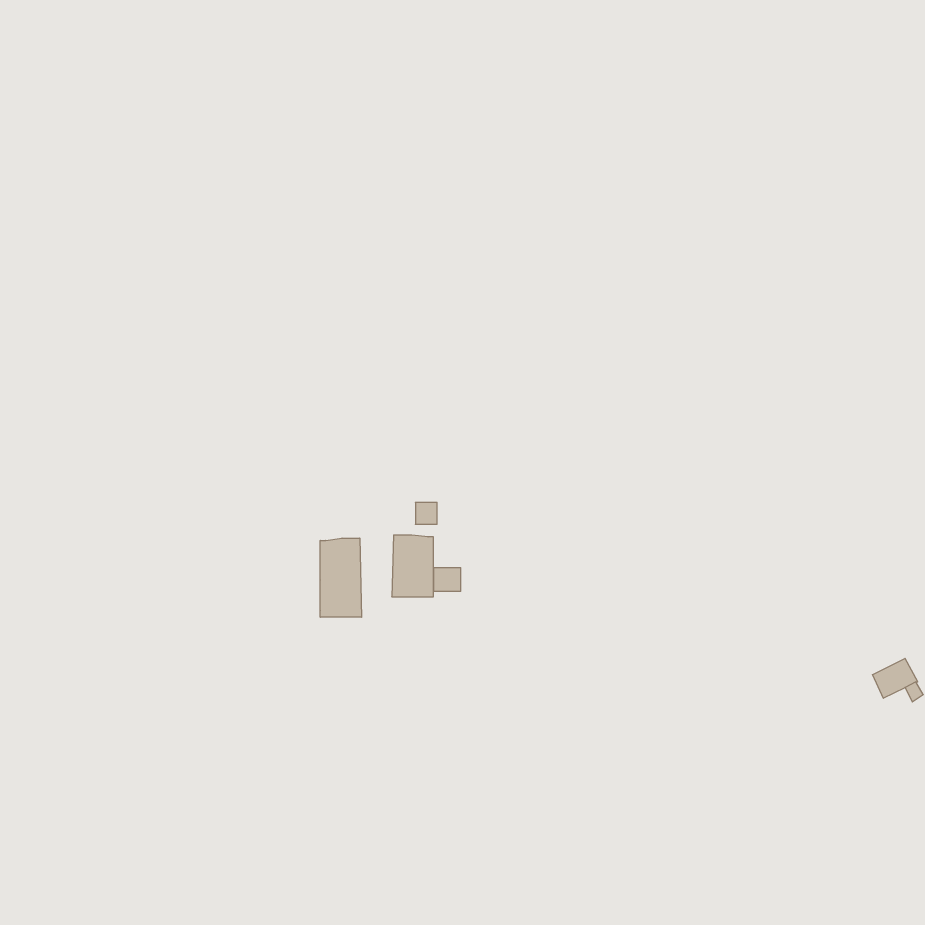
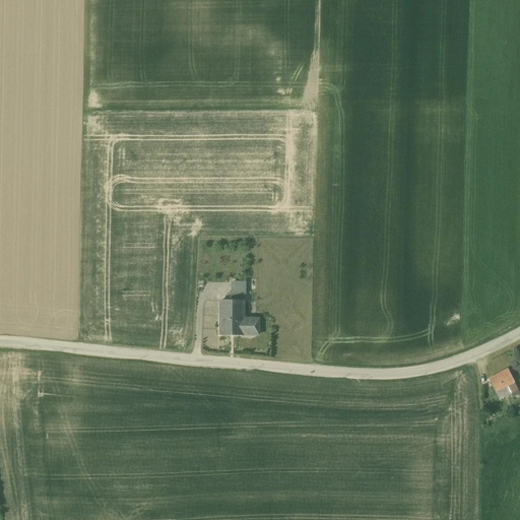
building: [320,538,362,617] -> none

